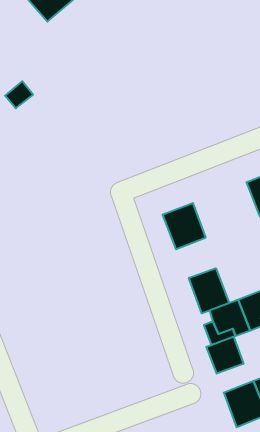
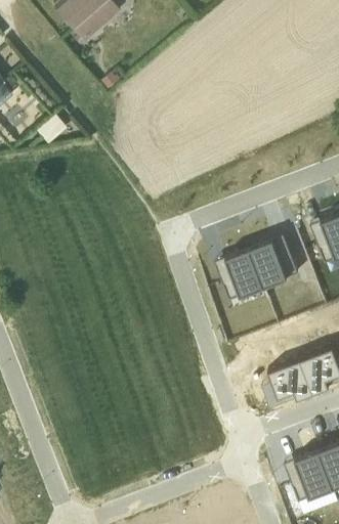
building: none -> [252,234,301,287]
building: [189,268,229,313] -> none
building: [206,337,243,374] -> none

